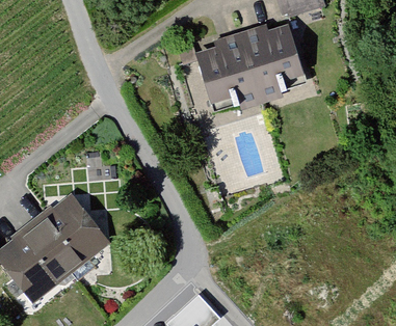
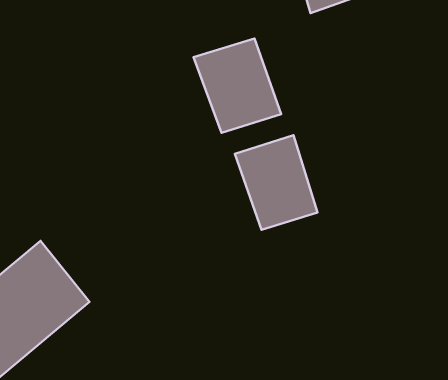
building: [237,23,301,97] -> [235,135,317,230]

